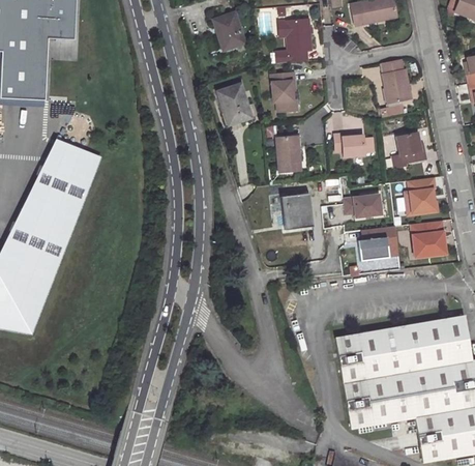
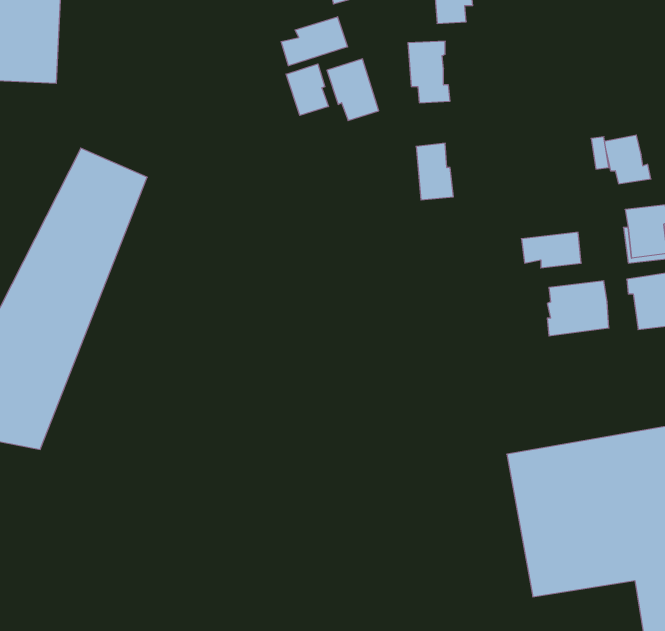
building: none -> [281,17,348,66]
building: [379,59,407,104] -> none
building: none -> [286,64,328,115]
building: [334,134,363,156] -> none
building: [281,194,313,230] -> none

